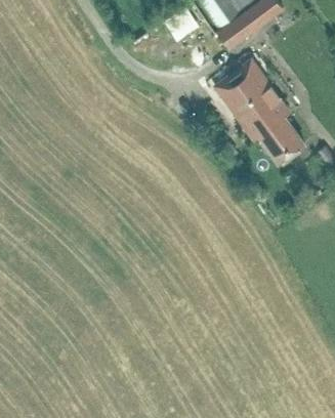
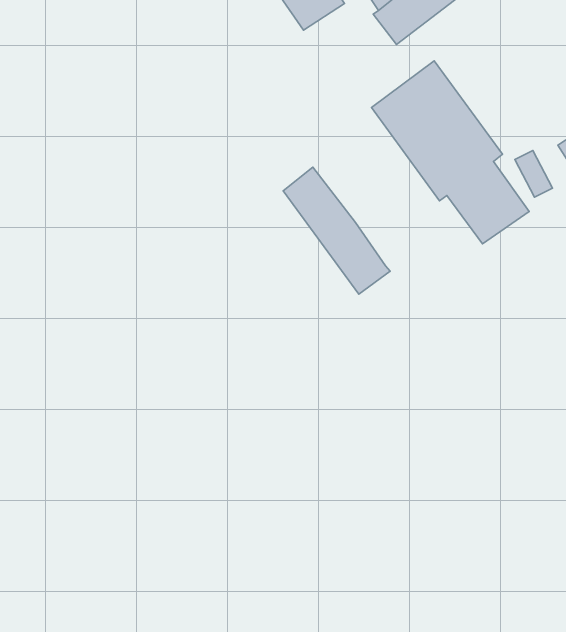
building: none -> [283,167,390,294]

